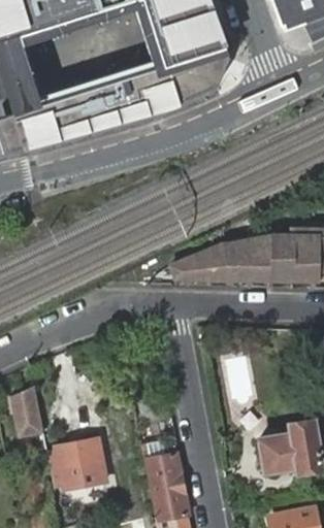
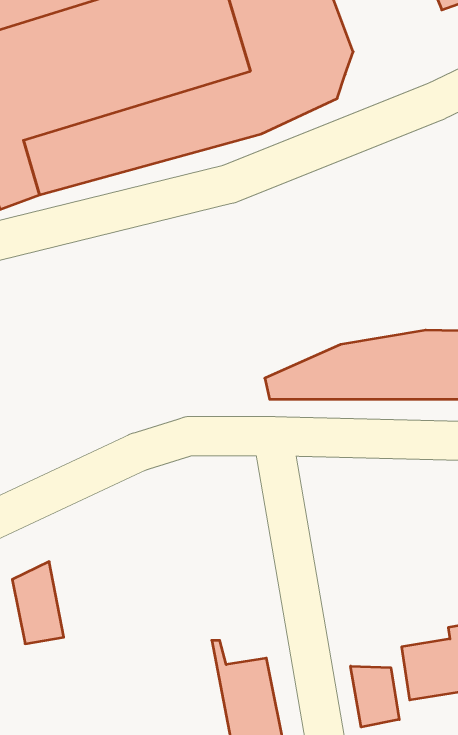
building: [47,435,108,489] -> none
building: none -> [351,666,399,727]

